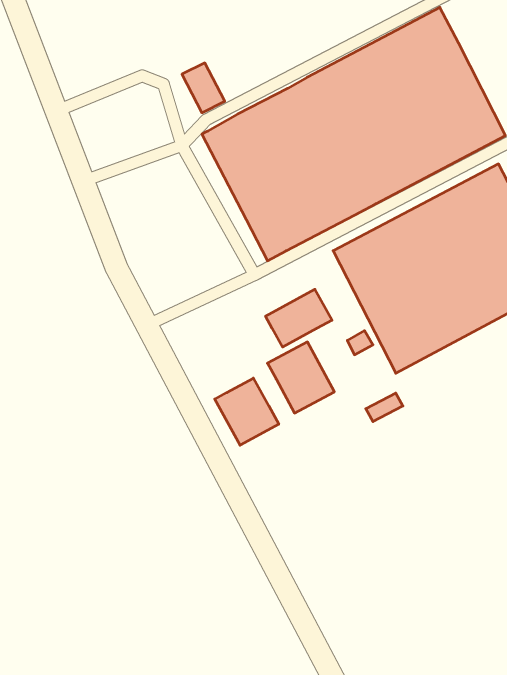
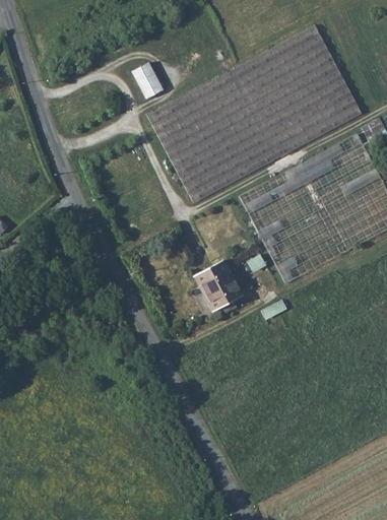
building: [266,289,332,347] -> none
building: [215,378,279,445] -> none

